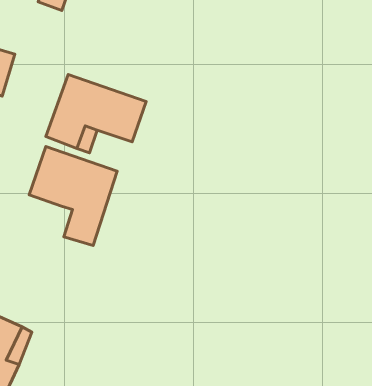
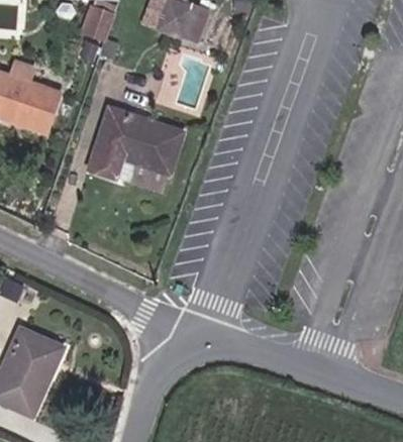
building: [29,147,117,245] -> none

